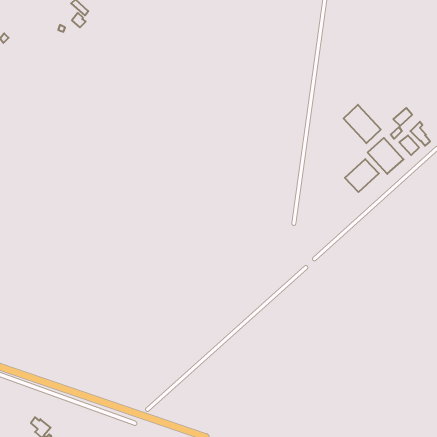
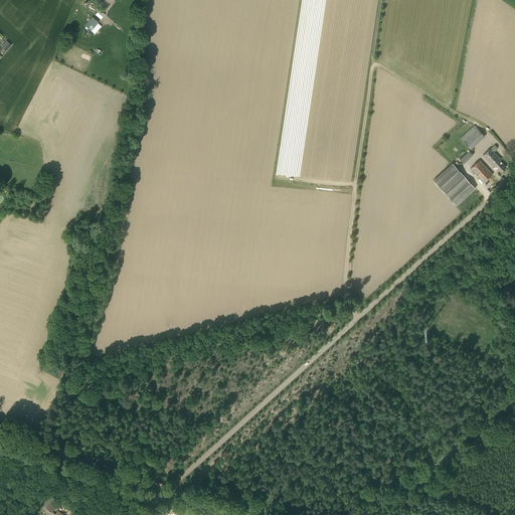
building: [344,105,381,143] -> none
building: [345,159,379,192] -> none

